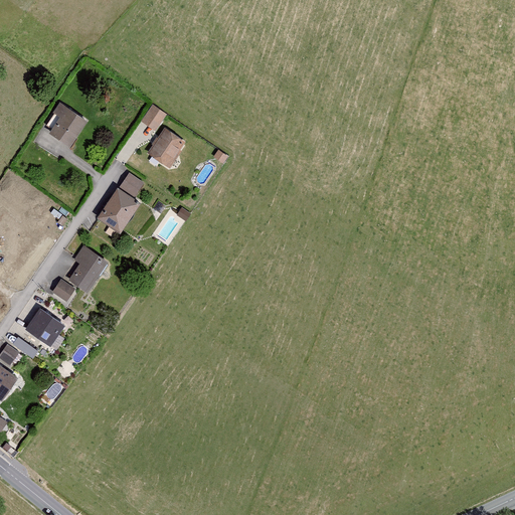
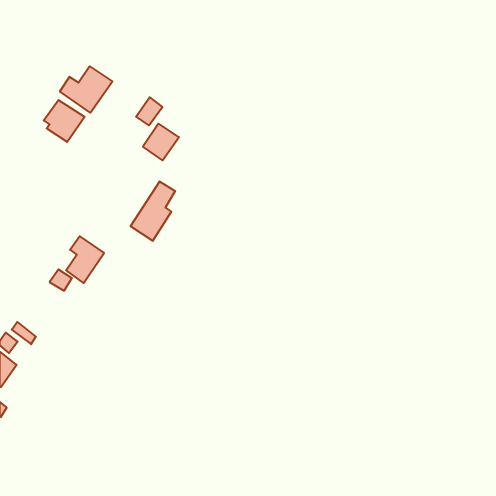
building: none -> [60,66,112,113]
building: [98,171,144,232] -> [130,181,175,241]
building: [24,308,64,346] -> none

